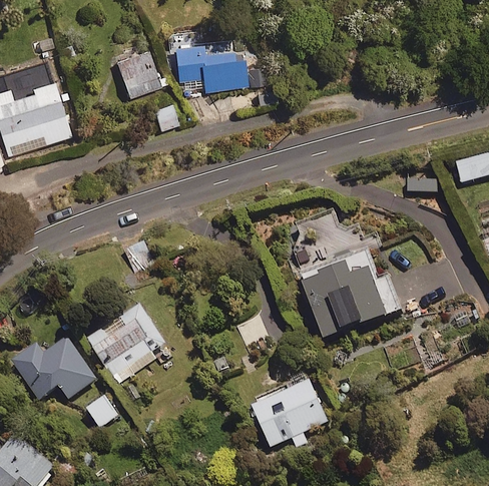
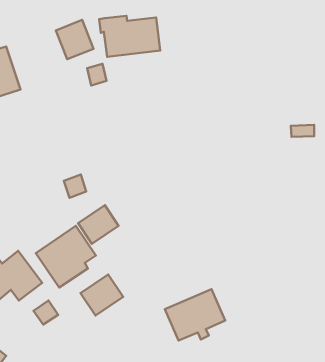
building: [300,258,401,340] -> none
building: none -> [78,205,119,244]
building: none -> [80,275,123,315]

